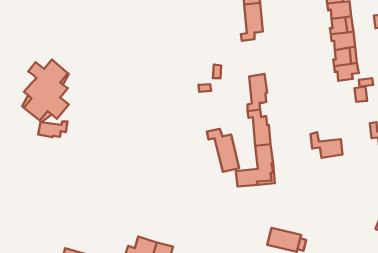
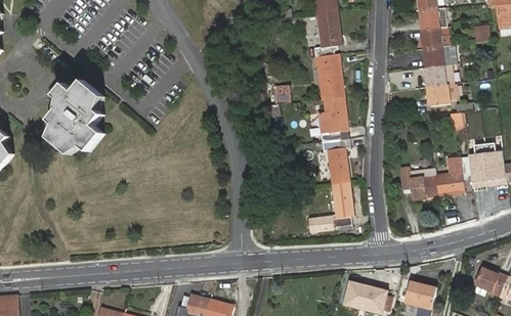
building: none -> [314,53,342,99]
building: [38,121,67,137] -> none
building: none -> [434,155,471,193]
building: [207,129,239,172] -> none
building: none -> [404,277,435,306]

